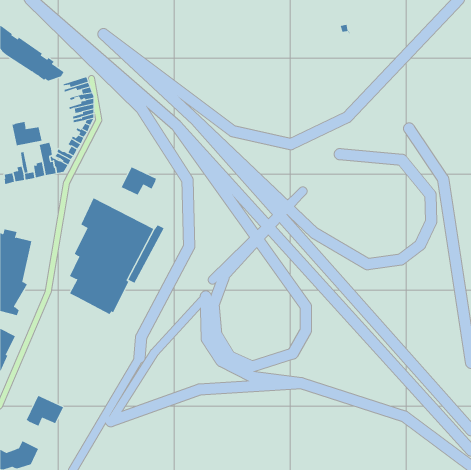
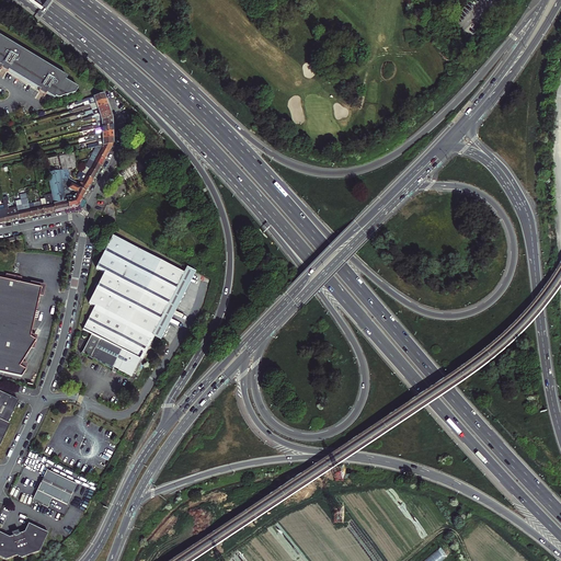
building: [12,121,42,146] -> none
building: [121,166,157,195] -> none

